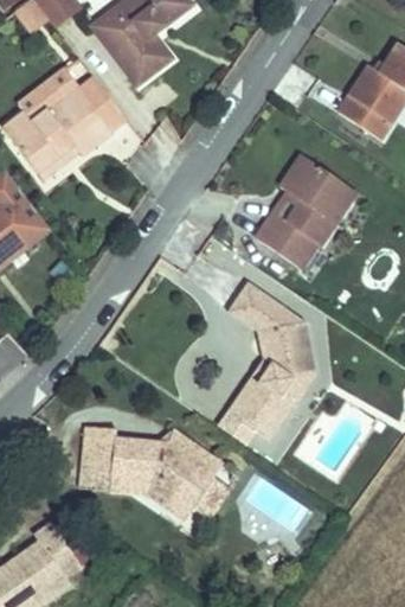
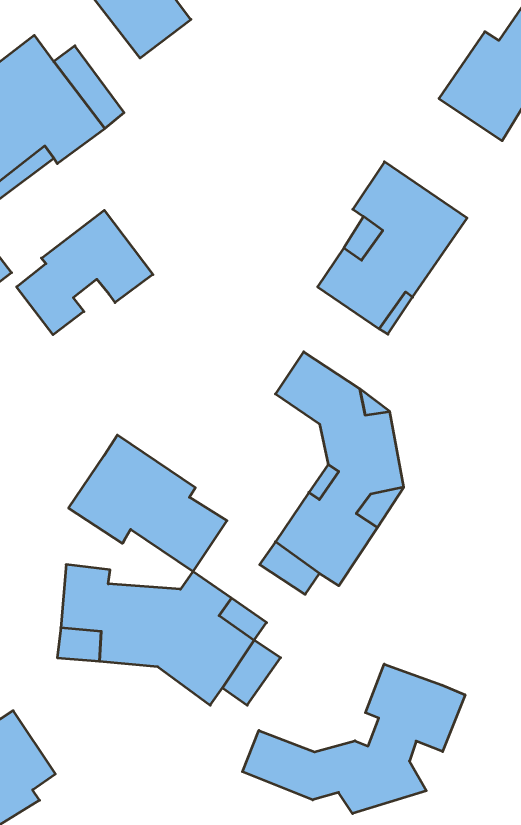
building: none -> [17,210,153,335]
building: none -> [69,435,227,572]
building: none -> [242,664,465,814]

